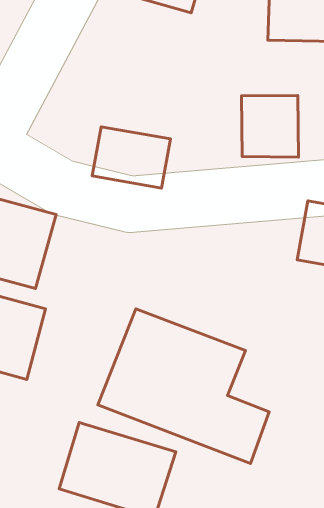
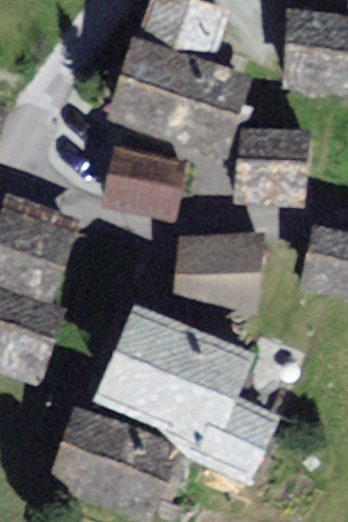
building: none -> [115,40,245,147]
building: none -> [176,240,257,308]

